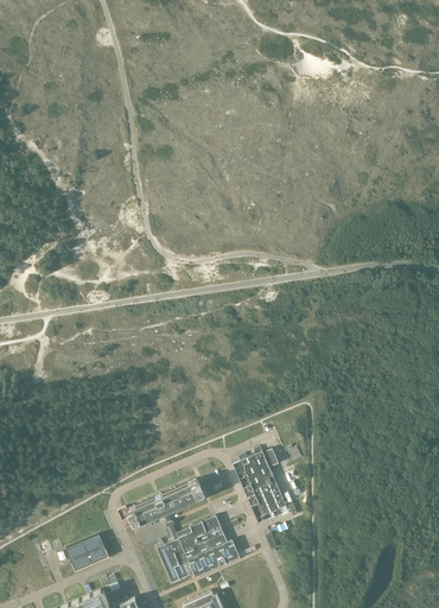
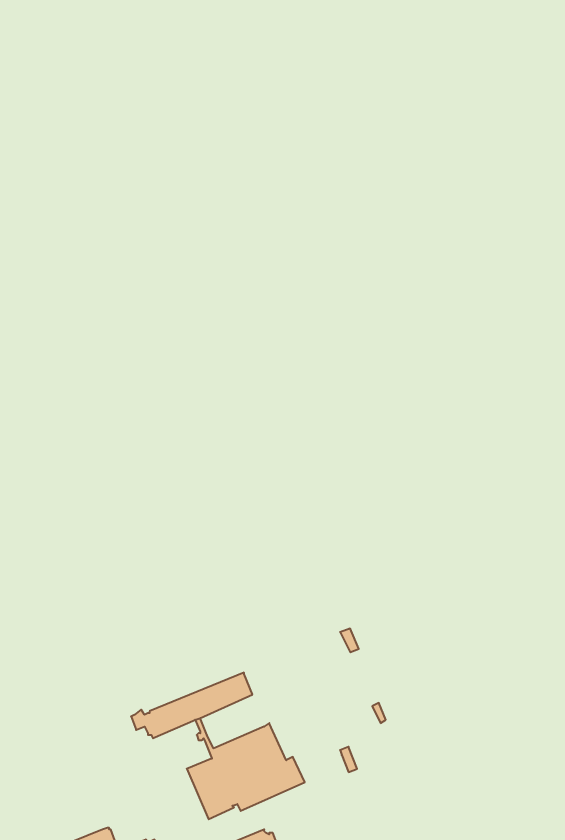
building: [240,446,287,522] -> none
building: [68,534,110,571] -> none

